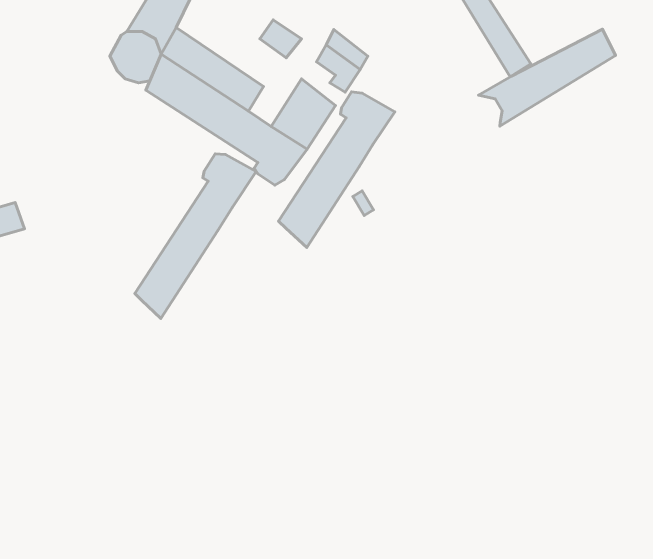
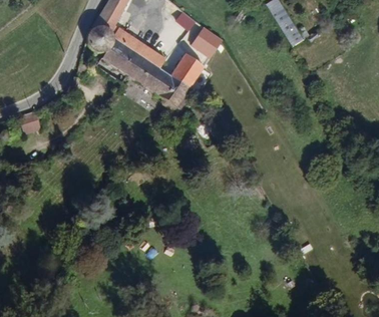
building: [479,29,616,126] -> none
building: [279,92,395,247] -> none
building: [135,154,256,319] -> none

